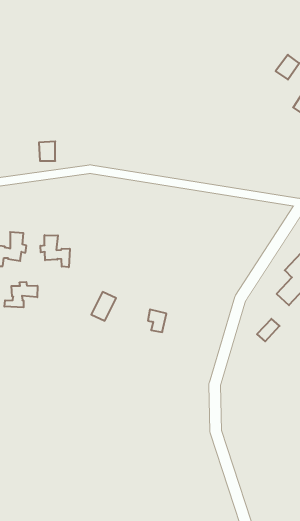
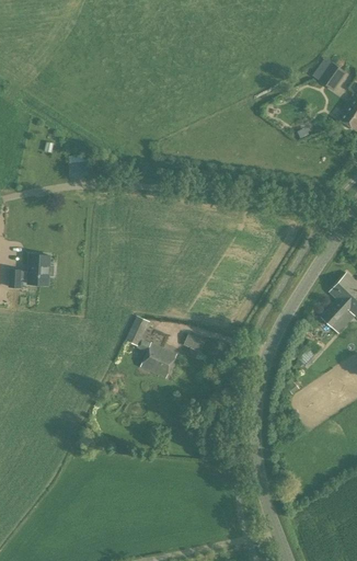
building: [40,235,70,267] -> none
building: [4,282,37,307] -> none
building: none -> [140,344,176,379]

